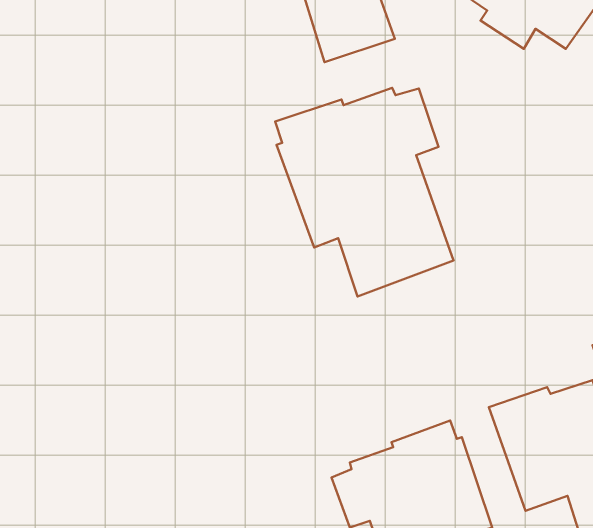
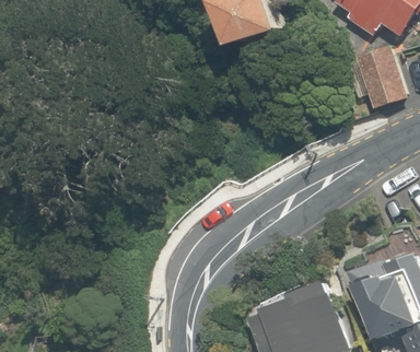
building: none -> [353,47,406,110]
building: [275,88,454,297] -> none

